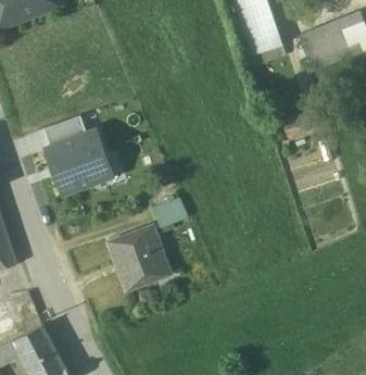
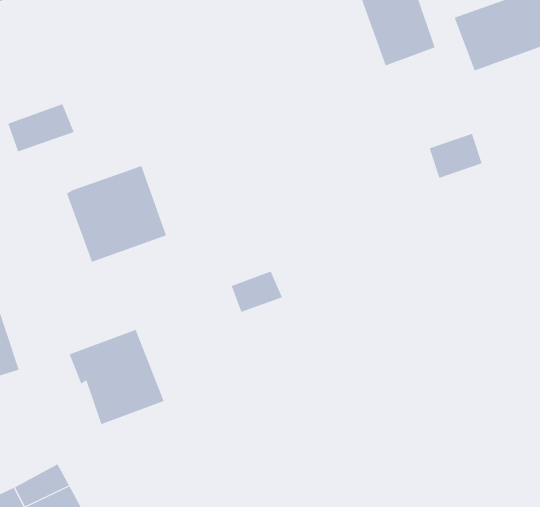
building: [43,115,87,147] -> [7,104,75,152]
building: [108,226,169,288] -> [69,329,165,425]

